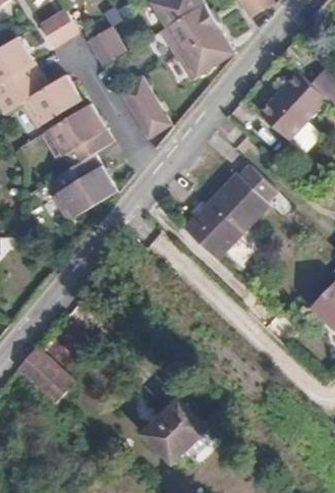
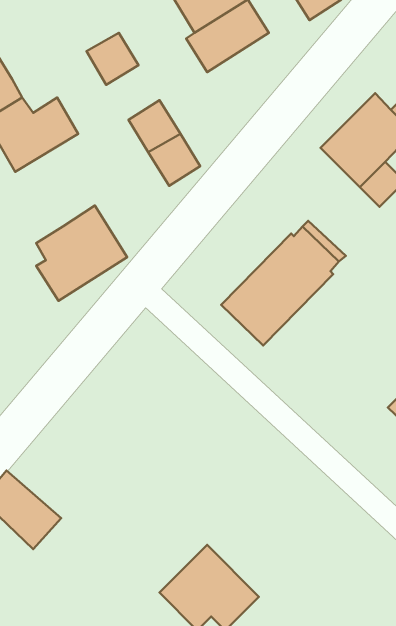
building: [40,8,78,47] -> none
building: [175,26,235,79] -> none
building: [40,103,113,167] -> none

